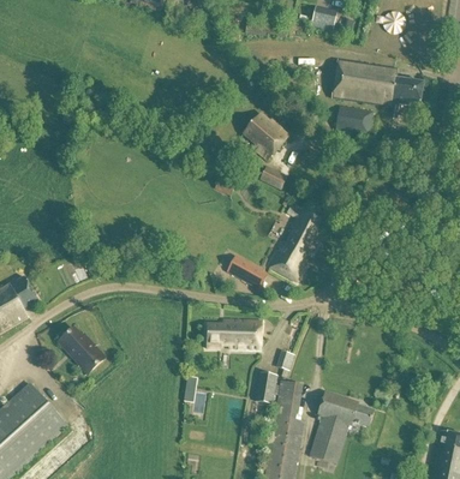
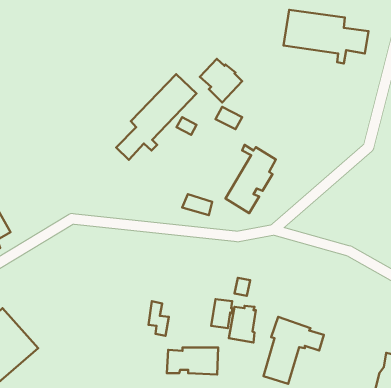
building: [334,104,372,134] -> none
building: none -> [116,74,197,160]
building: [207,319,262,348] -> [167,348,218,374]
building: [59,327,104,370] -> none

